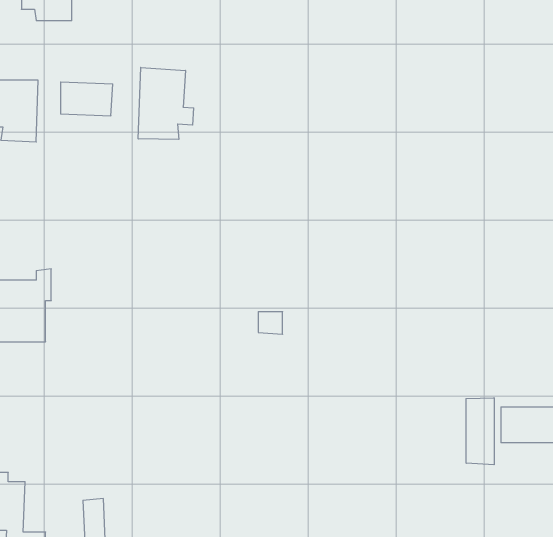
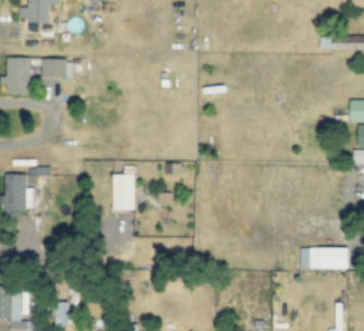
building: [138,67,194,139] -> none
building: none -> [112,174,134,210]
building: [466,398,494,465] -> none

